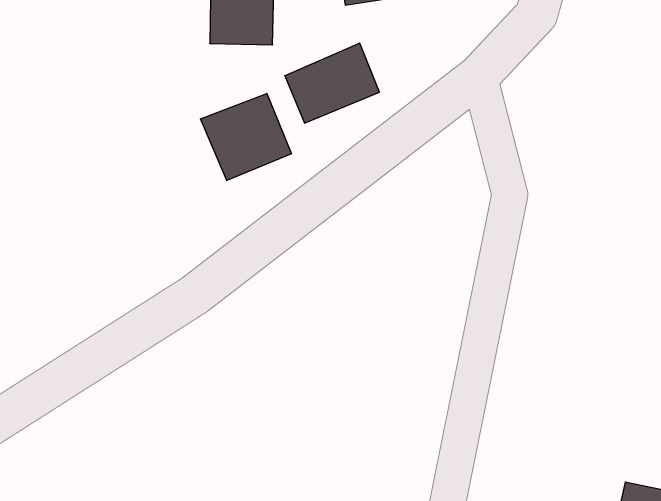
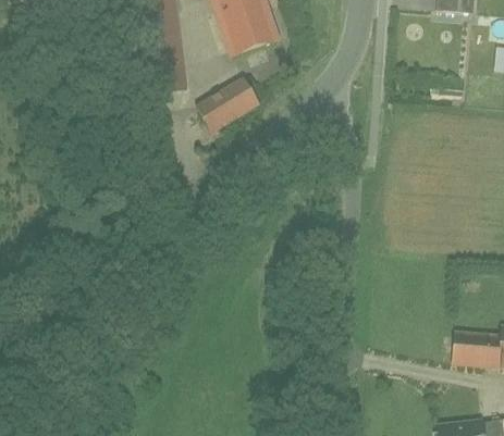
building: [201,93,291,181] -> none

